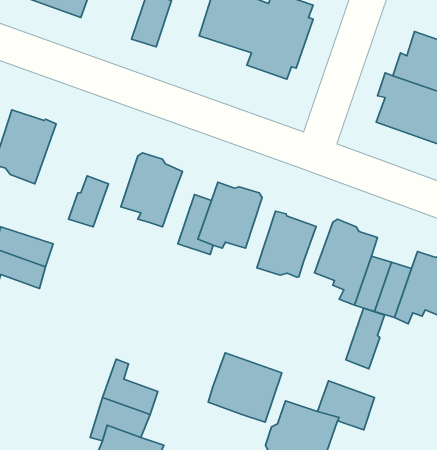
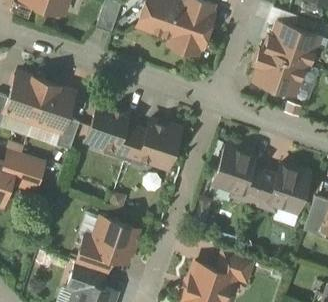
building: none -> [32,84,74,129]
building: none -> [104,126,136,162]
building: [257,211,316,277] -> none
building: [346,308,384,369] -> none
building: [208,353,282,422] -> [90,218,138,263]

